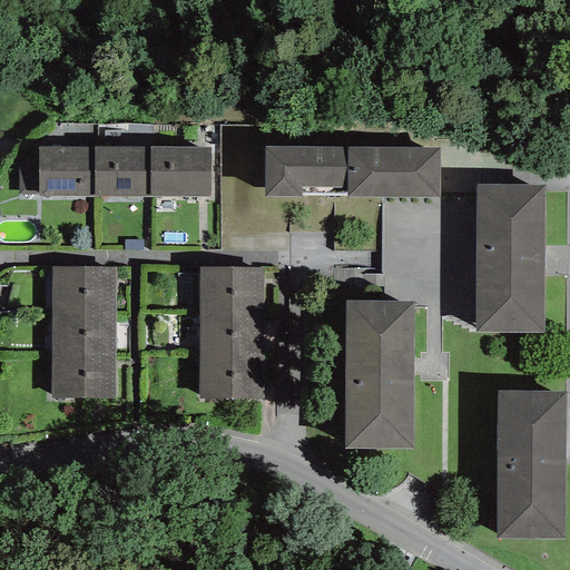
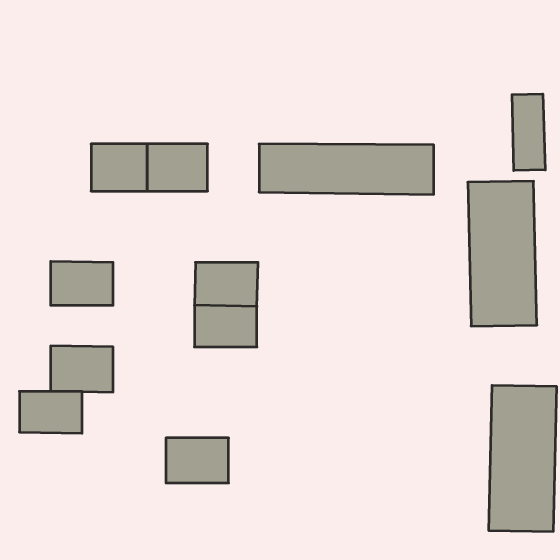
building: none -> [512,94,545,171]
building: [39,146,94,194] -> none
building: [346,301,414,448] -> none
building: [52,309,116,352] -> [19,391,82,433]
building: [198,352,262,397] -> [166,438,229,483]

